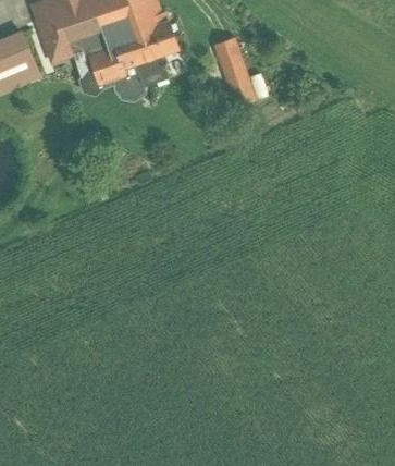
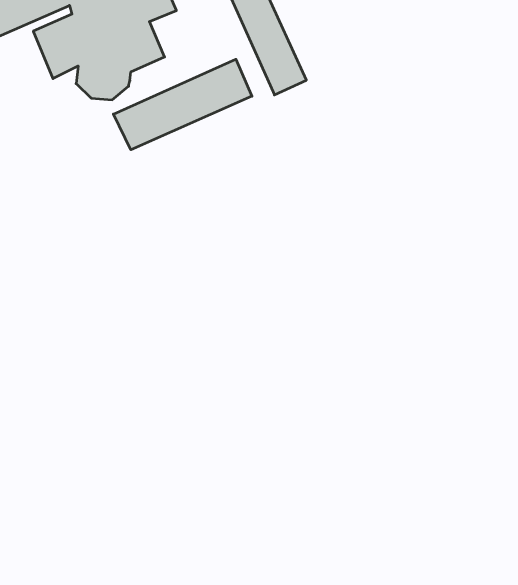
building: none -> [113,59,252,150]

